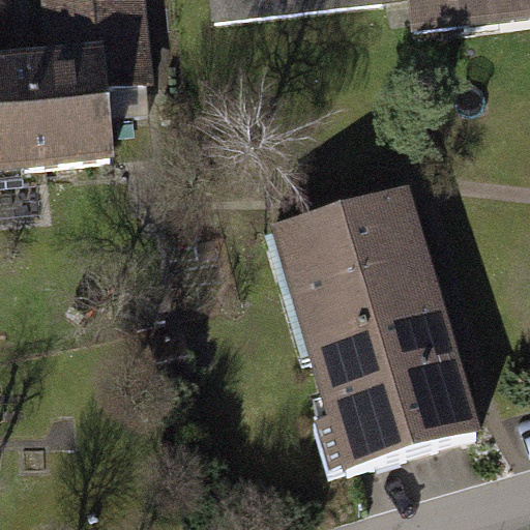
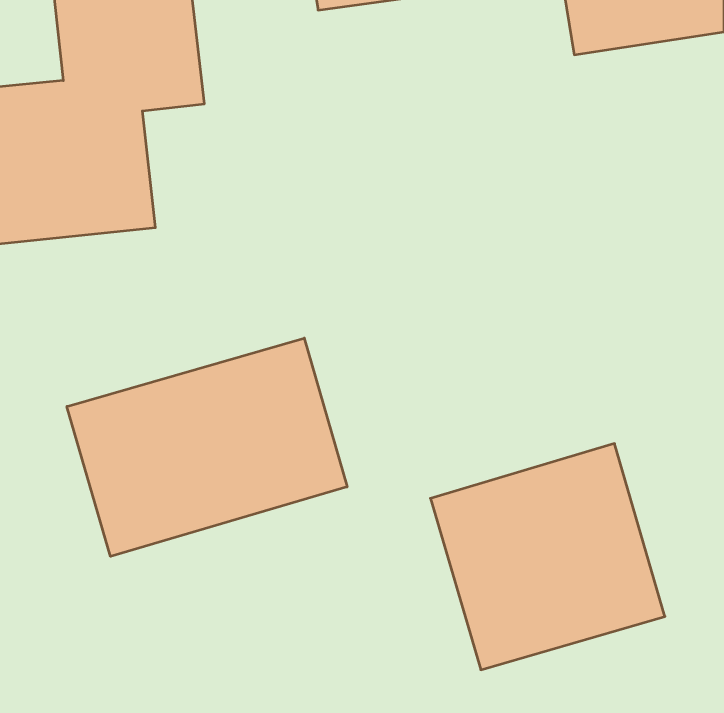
building: [273,196,442,358] -> none
building: none -> [67,338,347,556]

